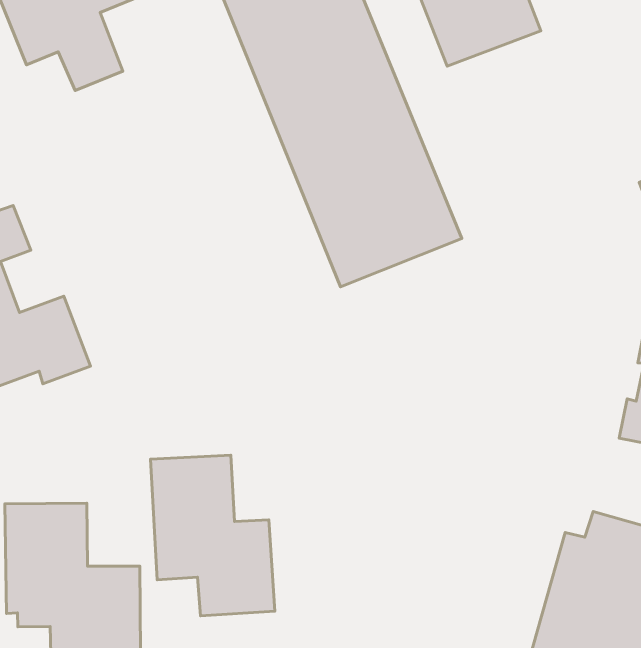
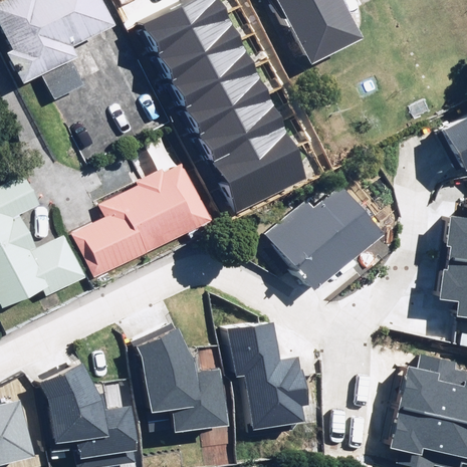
building: none -> [74,160,216,277]
building: none -> [271,175,382,290]
building: none -> [226,323,304,431]

